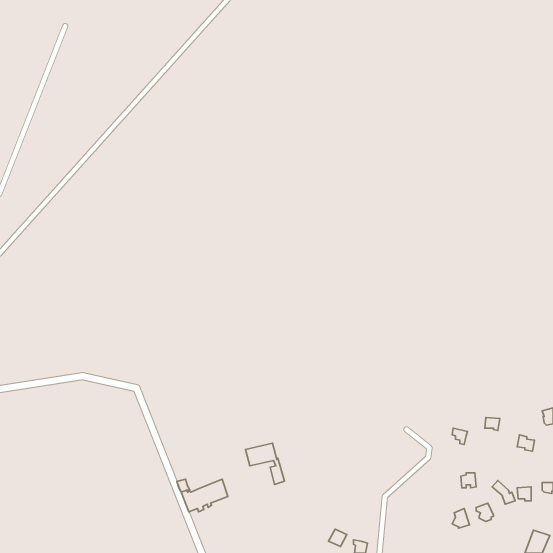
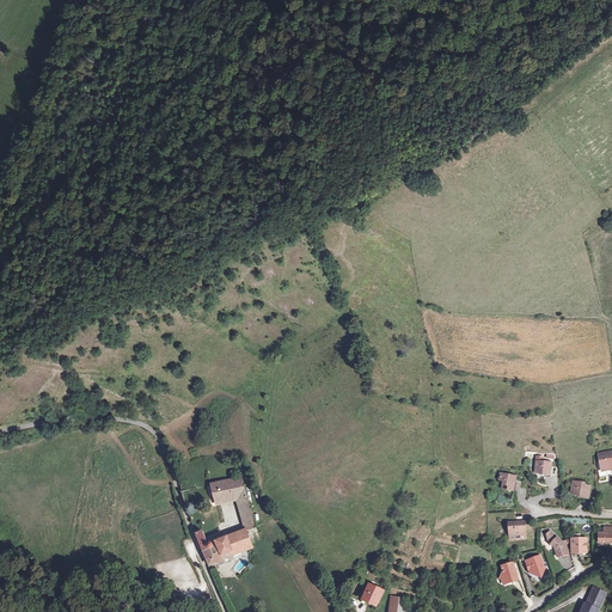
building: [245,443,284,484] -> [210,477,253,522]

